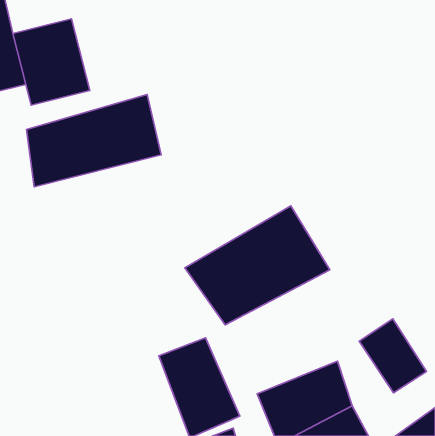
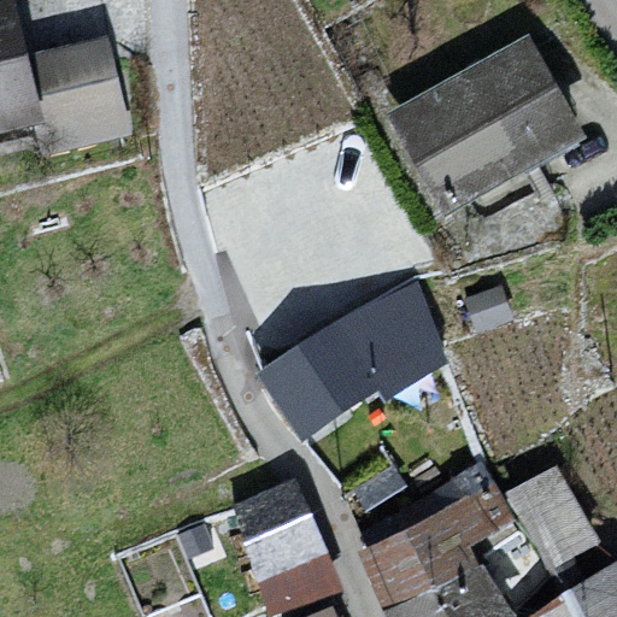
building: none -> [389,39,582,211]
building: [26,95,161,187] -> none

